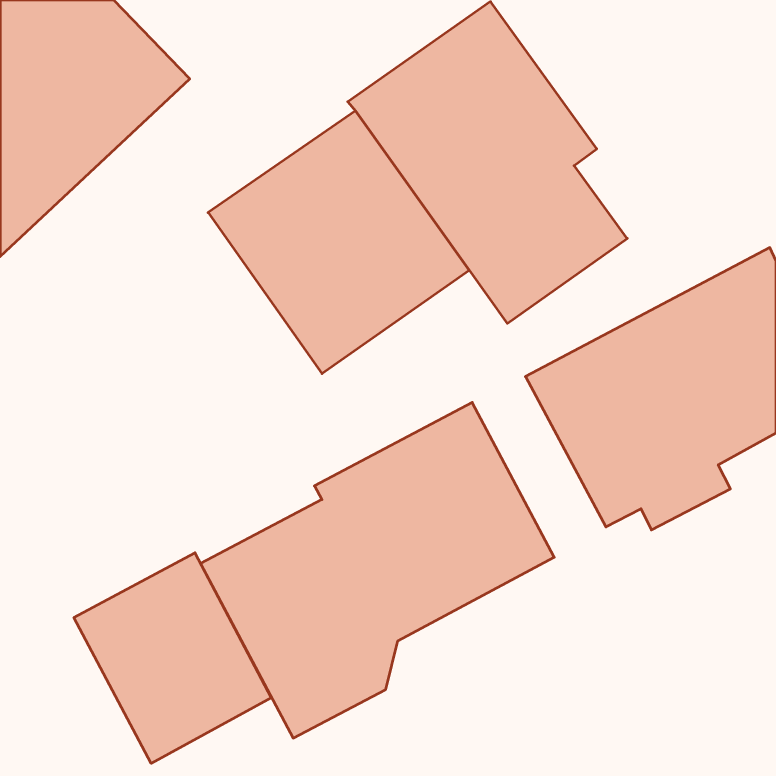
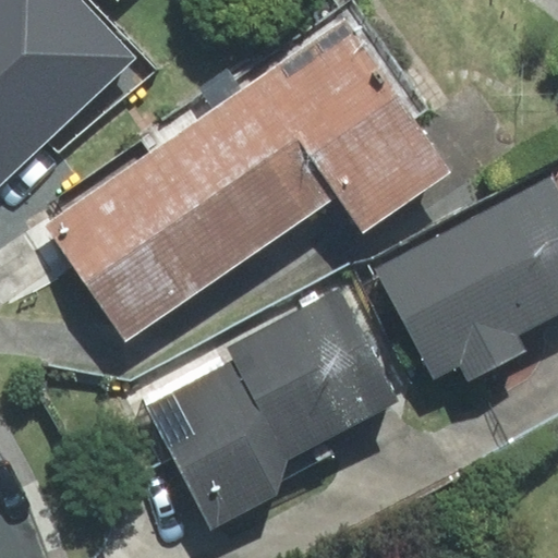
building: none -> [46,153,231,340]
building: [74,553,271,763] -> none

